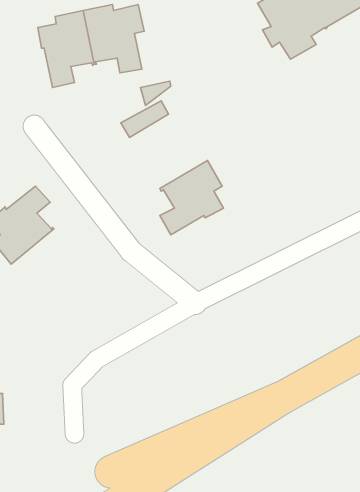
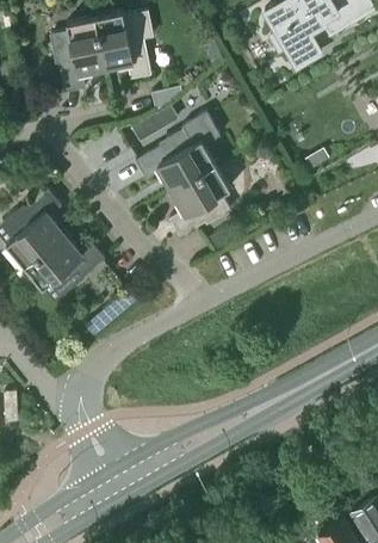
building: none -> [135,112,219,192]
building: none -> [23,232,104,296]

